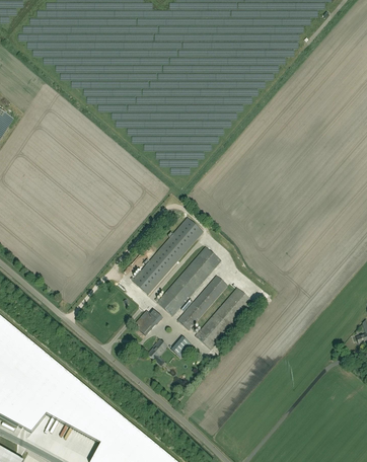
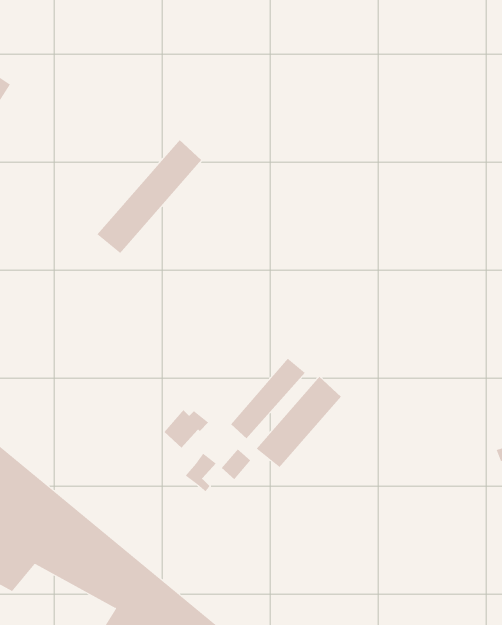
building: [131,218,202,295] -> [96,139,202,254]
building: [156,247,220,316] -> none

